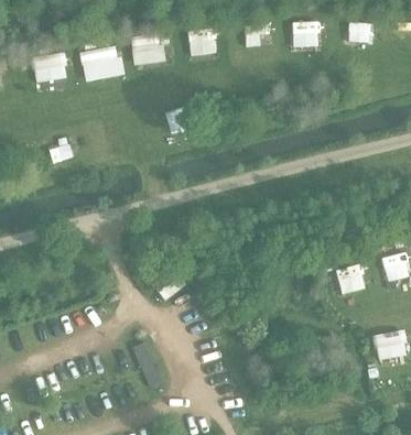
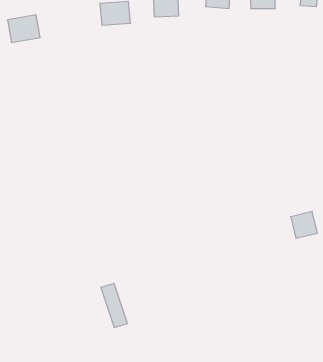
building: [83,44,116,75] -> none

